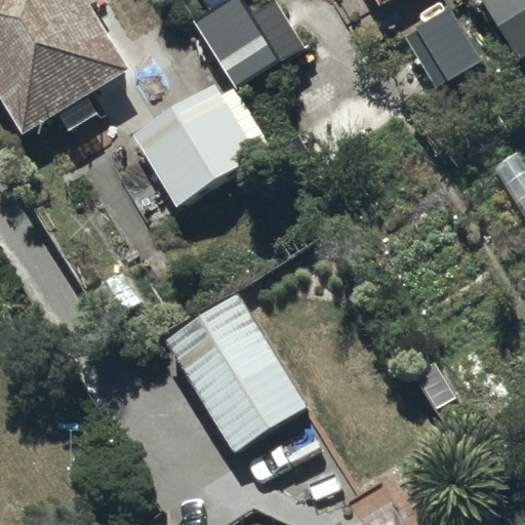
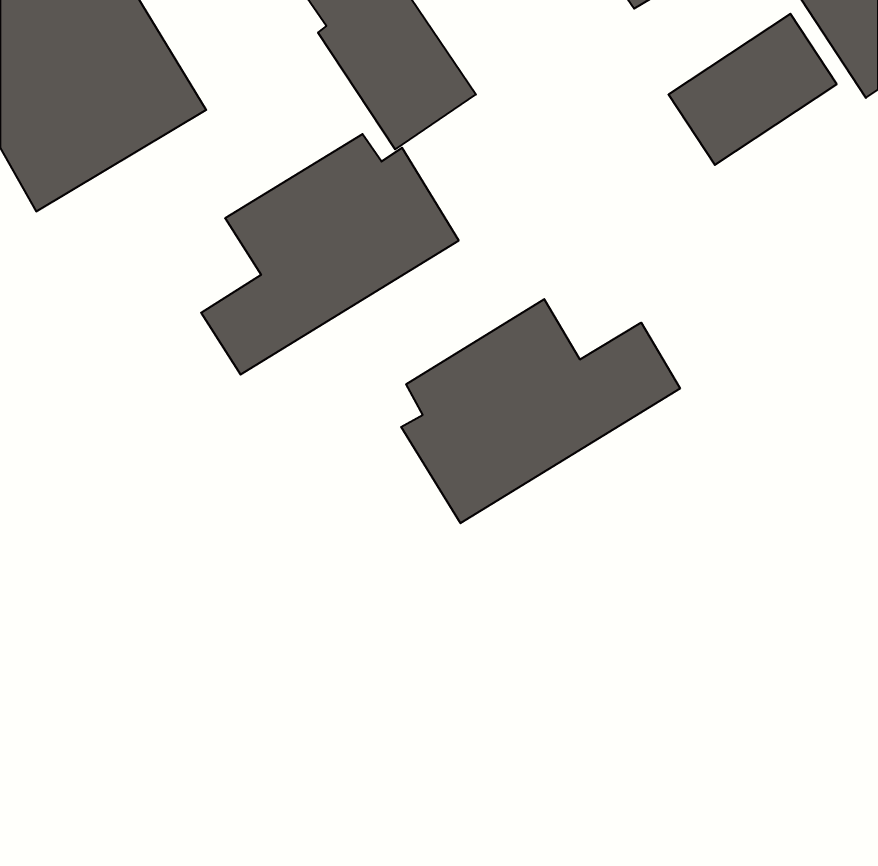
building: none -> [401,299,680,523]
building: [165,295,307,449] -> none

